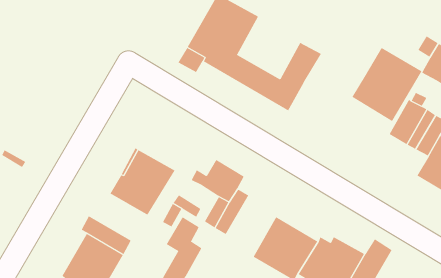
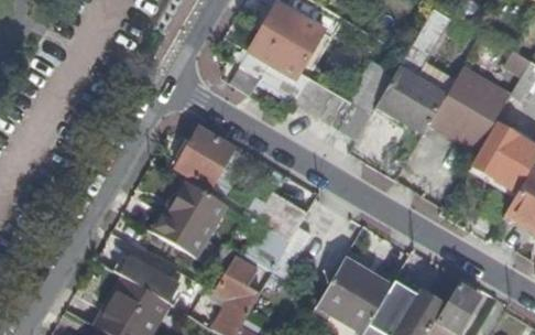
building: none -> [376,44,446,132]
building: none -> [175,127,233,188]

